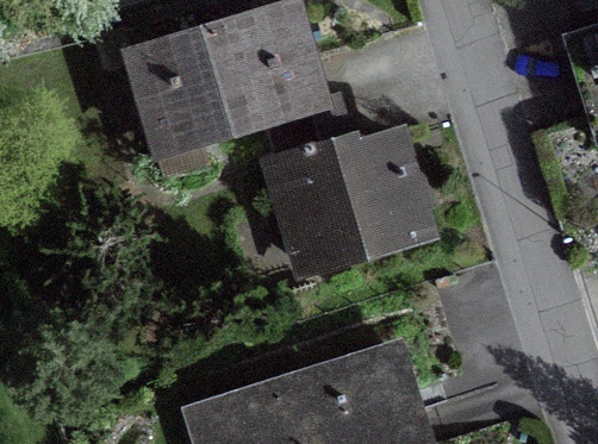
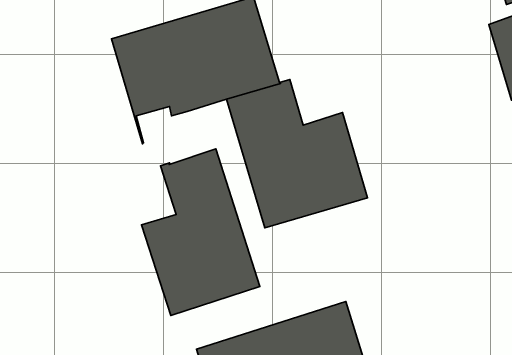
building: none -> [141,149,260,316]

